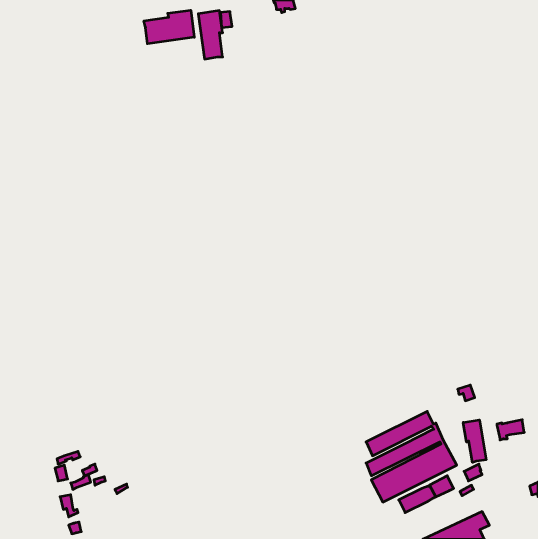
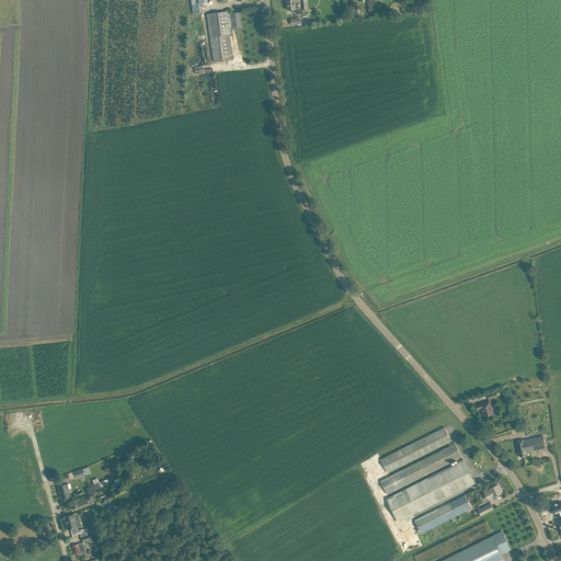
building: [144,10,194,44] -> none
building: [463,420,486,462] -> none

